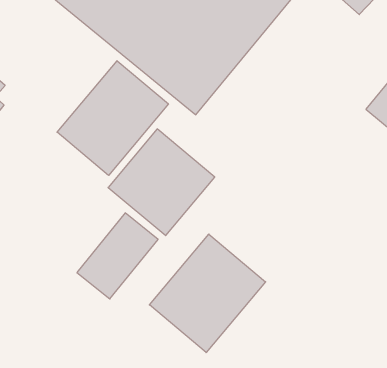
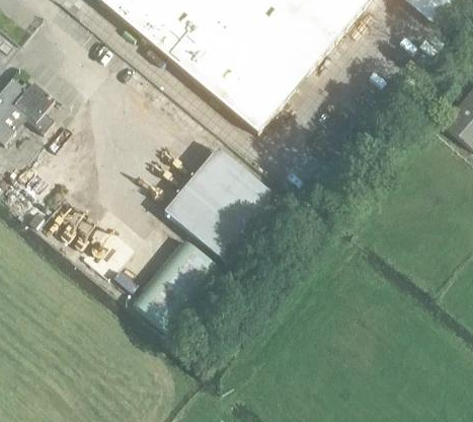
building: [57,61,168,175] -> none
building: [149,234,266,353] -> none

